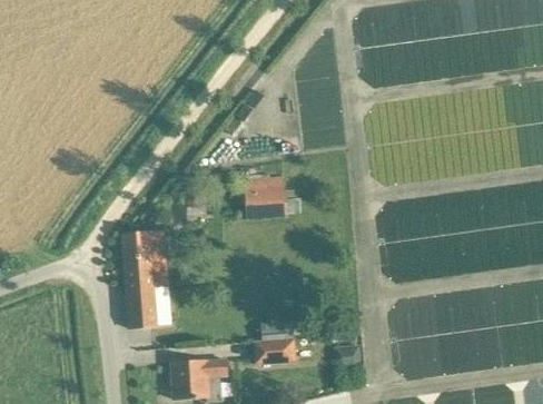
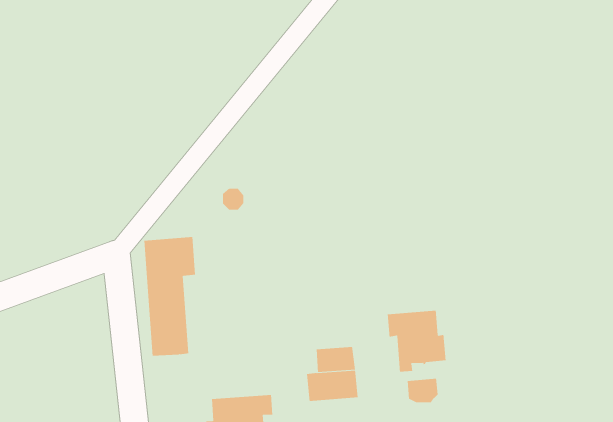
building: [245,175,288,215] -> none
building: none -> [387,310,446,372]

